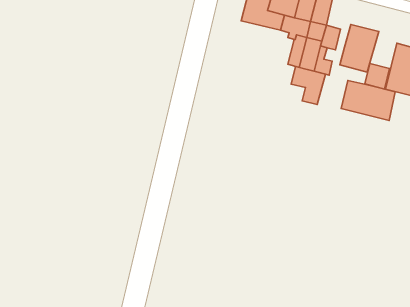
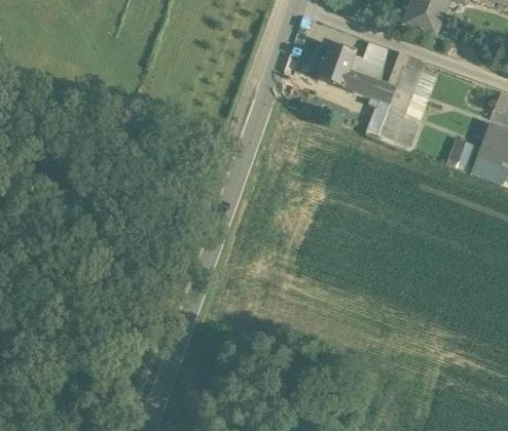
building: [340,25,379,72] -> none
building: [291,67,326,105] -> none
building: [341,80,395,120] -> none

